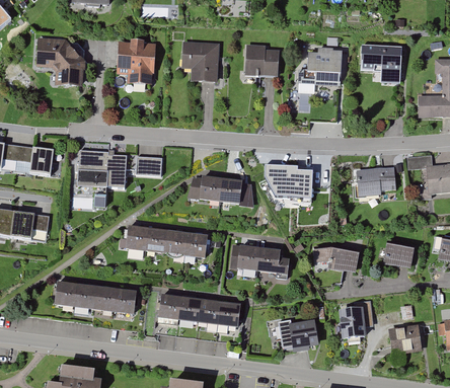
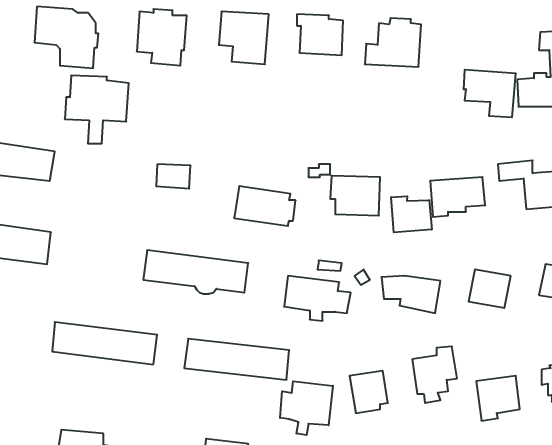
building: [362,42,403,79] -> [463,70,516,117]
building: [72,153,123,207] -> [65,75,129,143]
building: none -> [391,196,432,232]
building: none -> [280,381,333,435]

